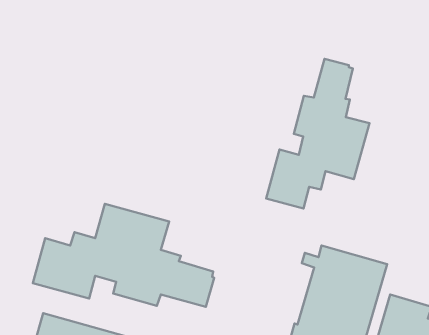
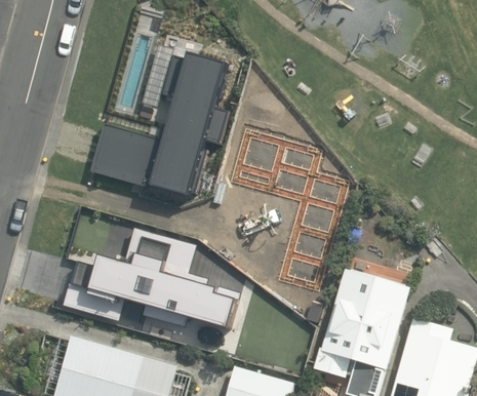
building: none -> [90,54,230,198]
building: [266,59,369,209] -> none

